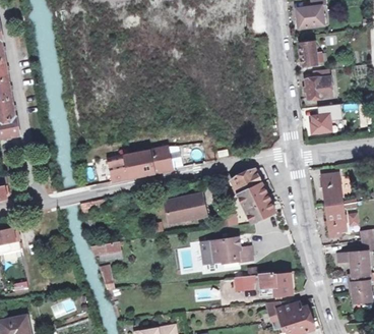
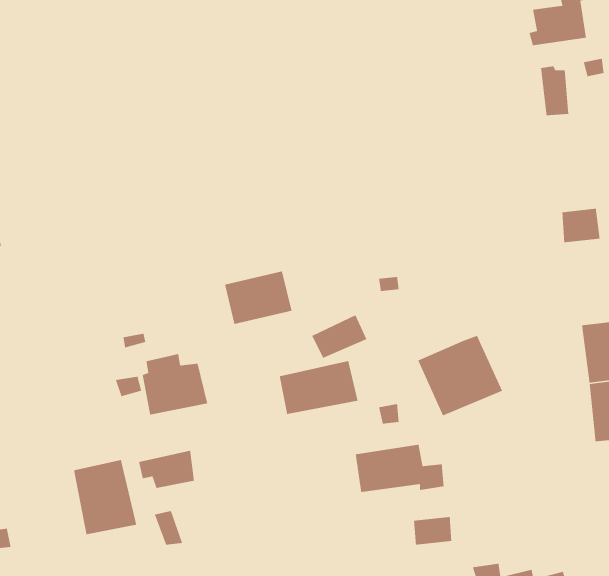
building: [306,68,332,99] -> none
building: [107,149,141,181] -> [142,353,208,415]
building: [231,170,260,193] -> [311,314,368,359]
building: none -> [73,459,137,535]
building: [259,273,293,295] -> none

